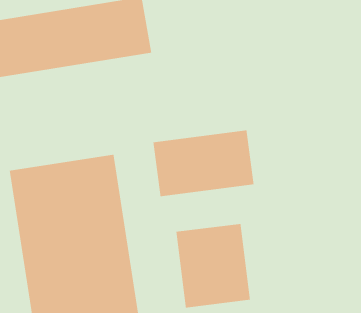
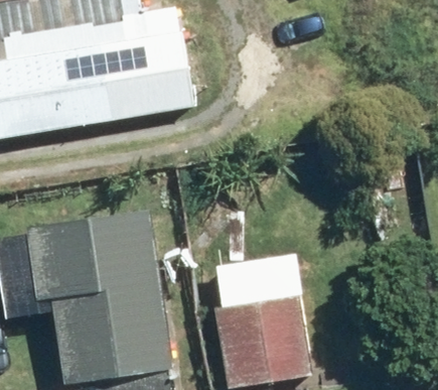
building: [152,130,255,197] -> none

